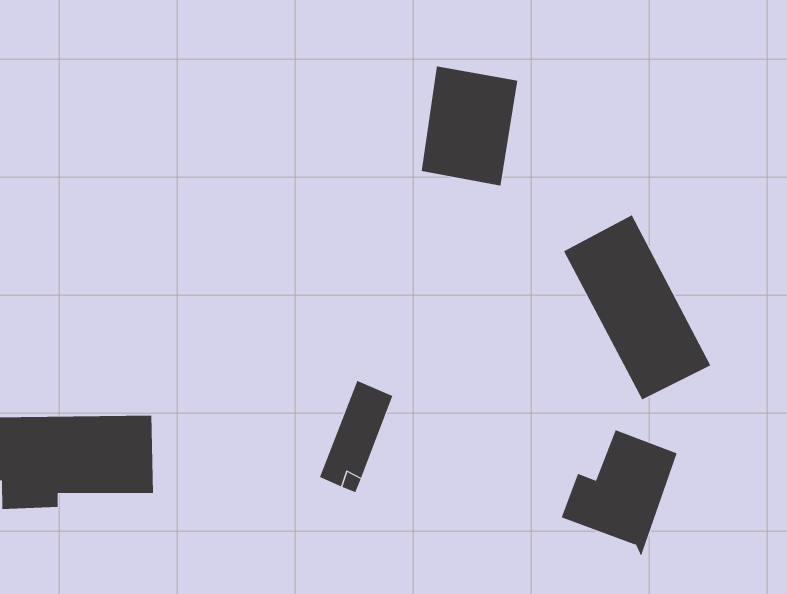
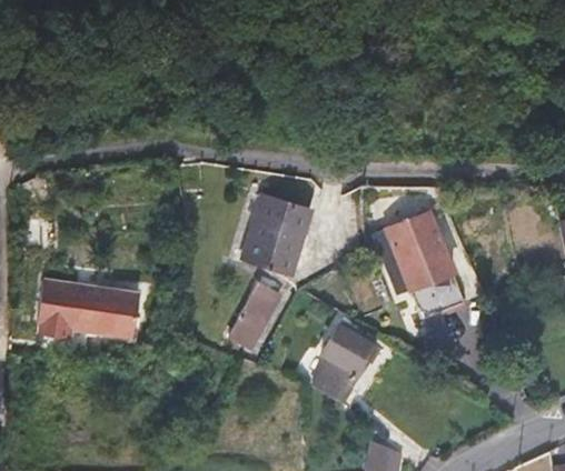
building: [421,66,518,186] -> [244,200,308,275]
building: [561,430,678,558] -> [299,332,373,409]

